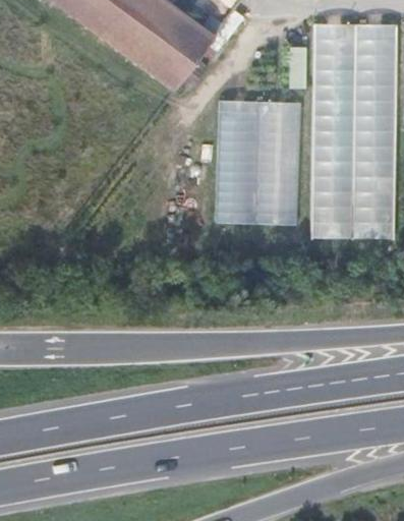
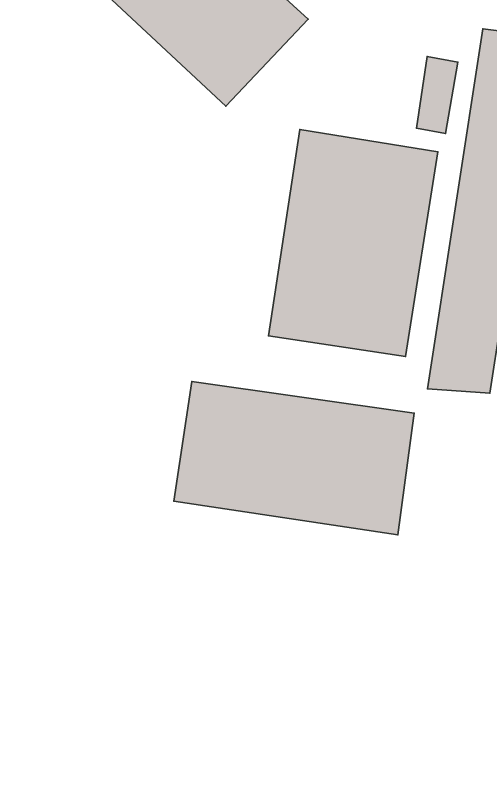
building: none -> [174,381,414,535]

